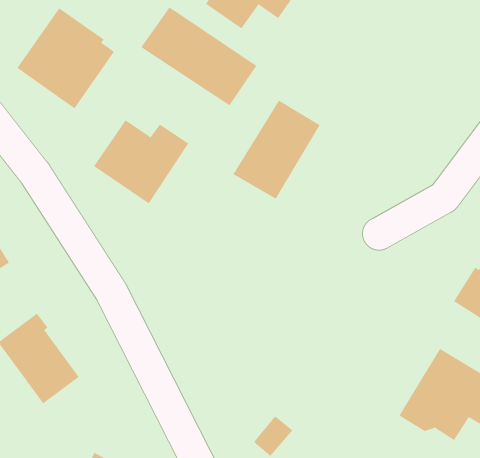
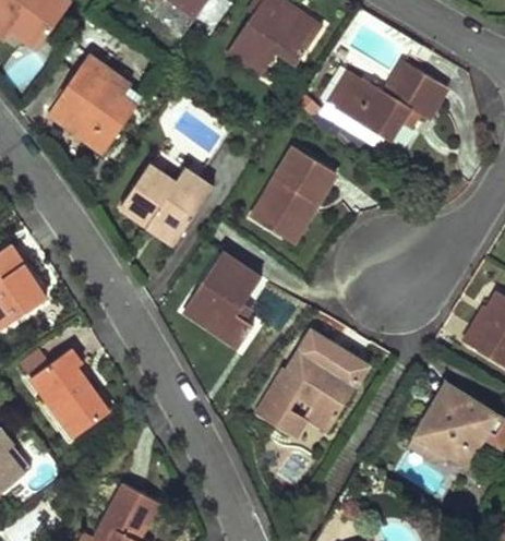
building: [141,6,257,106] -> none
building: none -> [325,68,449,146]
building: none -> [183,252,261,347]
building: none -> [256,328,366,432]

